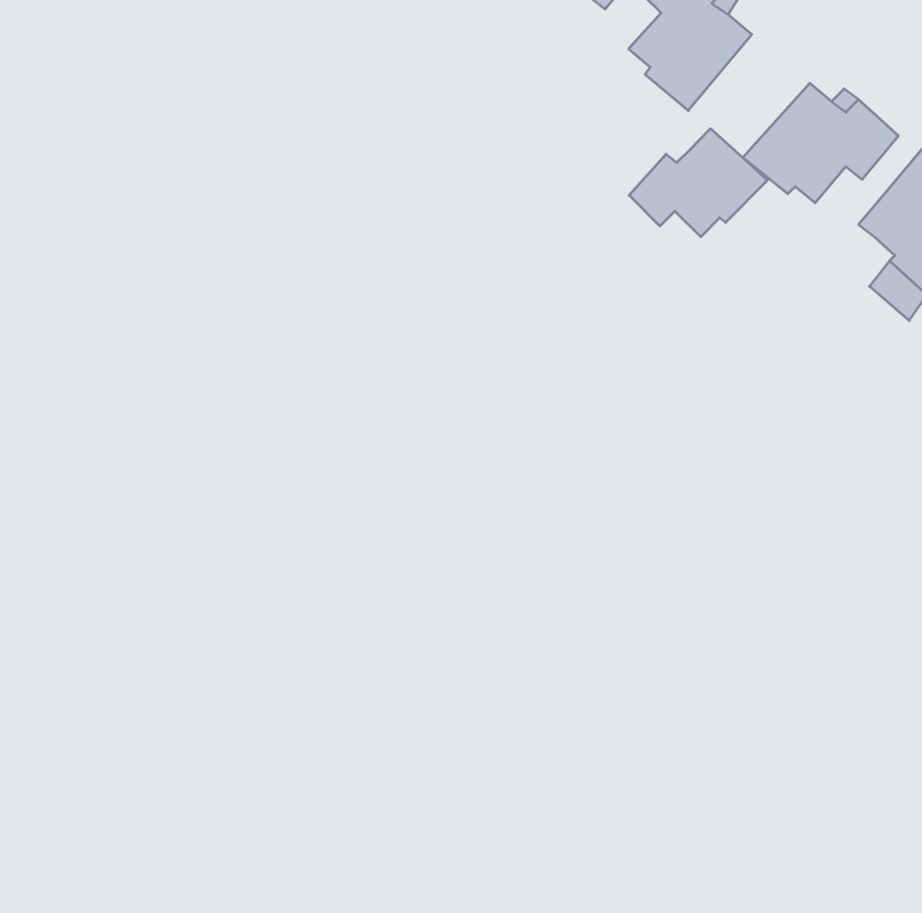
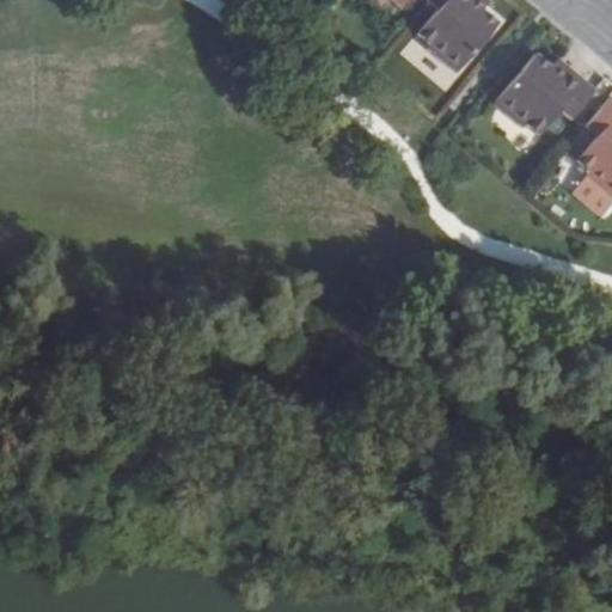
building: [629,129,767,237] -> none

